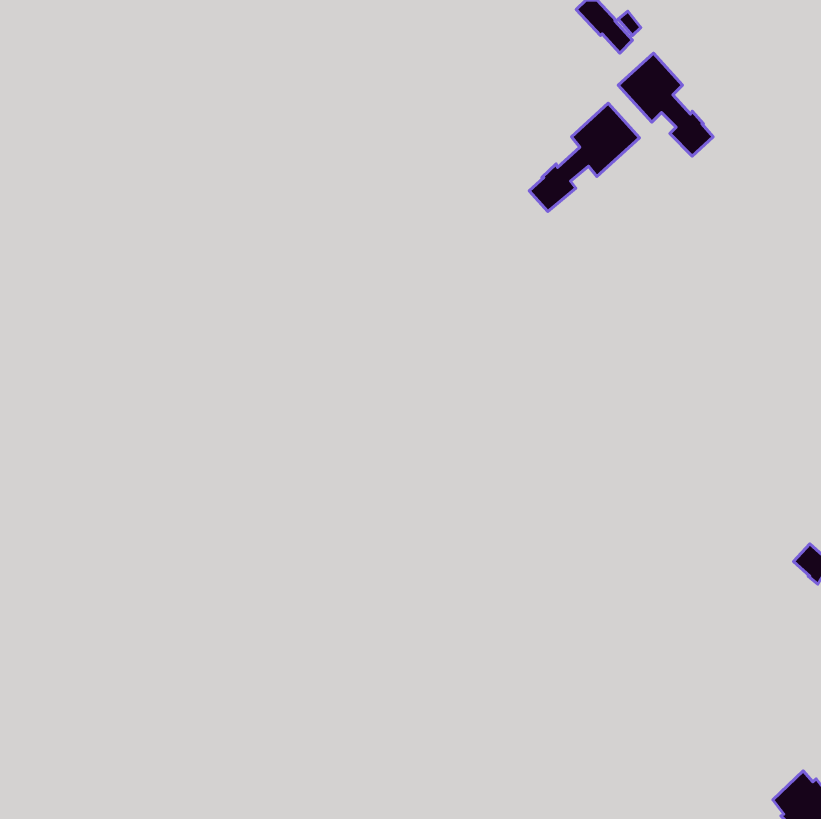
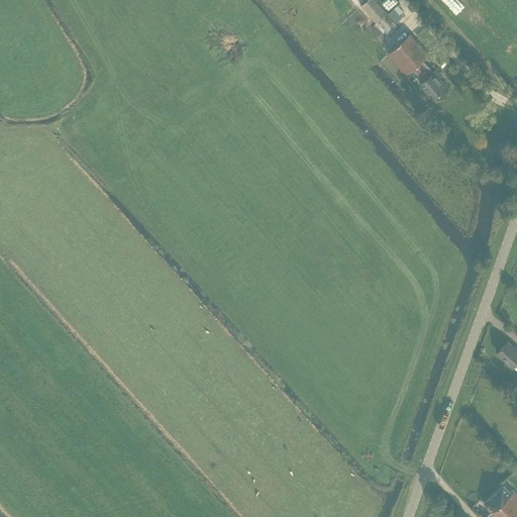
building: [529,103,640,212] -> none

